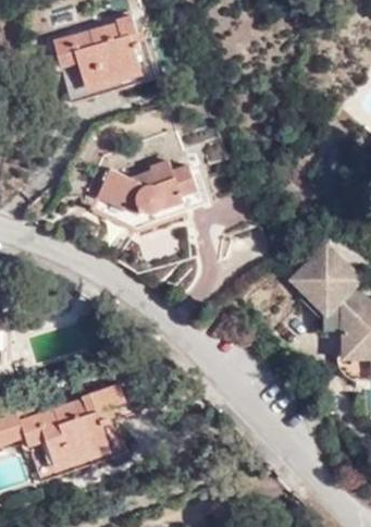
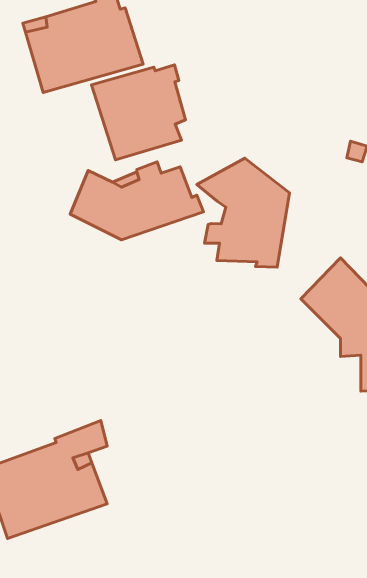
building: none -> [92,65,186,160]
building: none -> [197,158,289,267]

